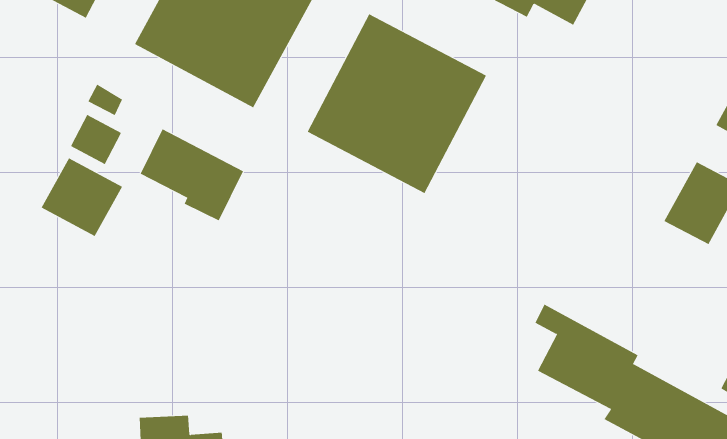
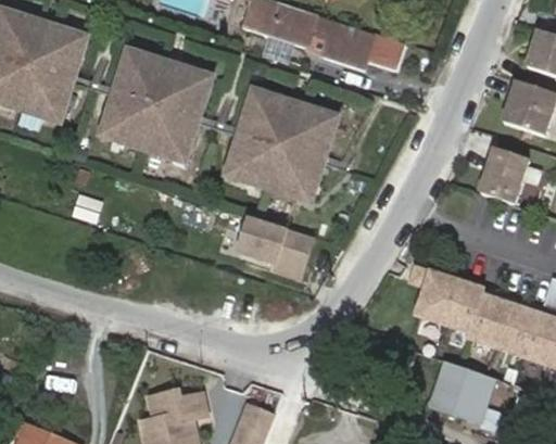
building: [140,128,244,221] -> [240,215,311,271]
building: [41,158,123,237] -> none

